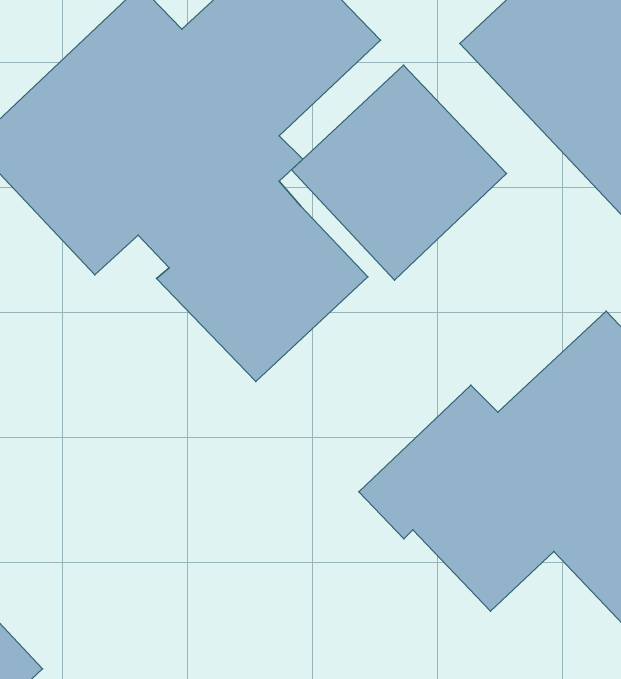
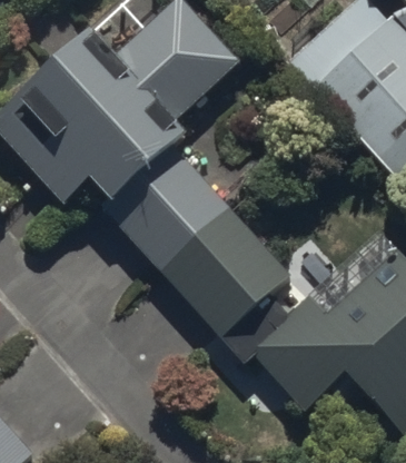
building: [291,65,506,280] -> [162,206,295,338]

